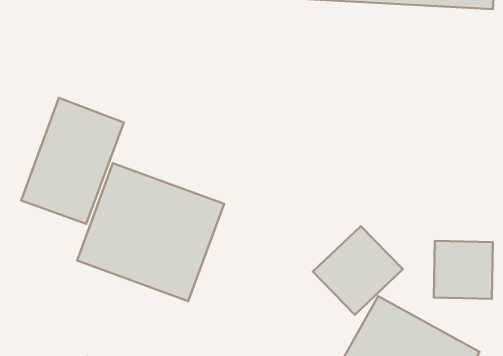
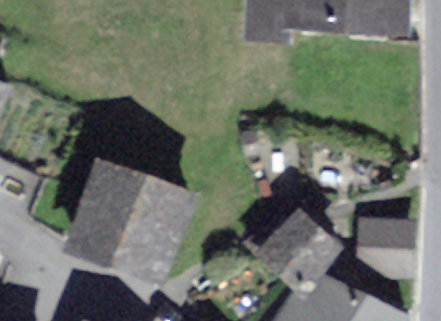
building: [21,98,124,224] -> none

